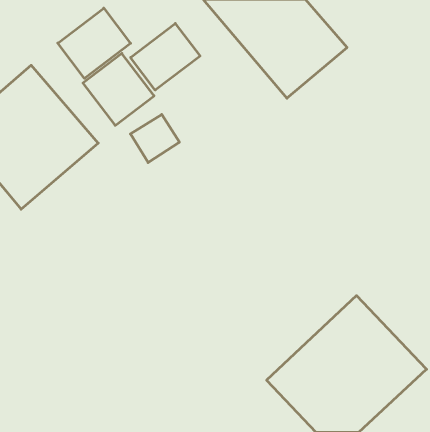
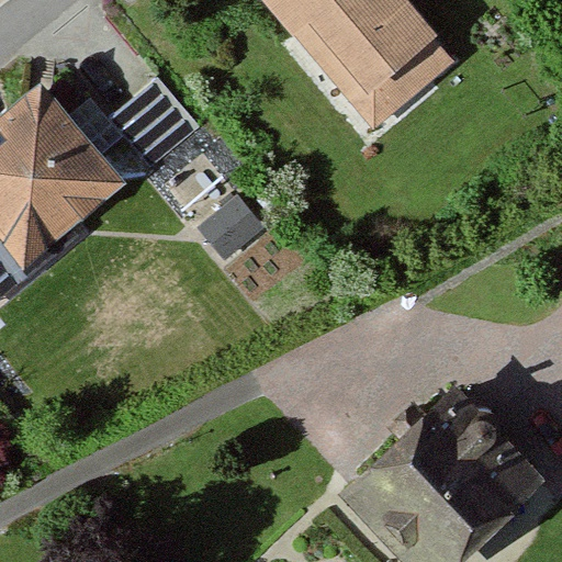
building: [58,8,131,78] -> none
building: [131,23,200,90] -> none

